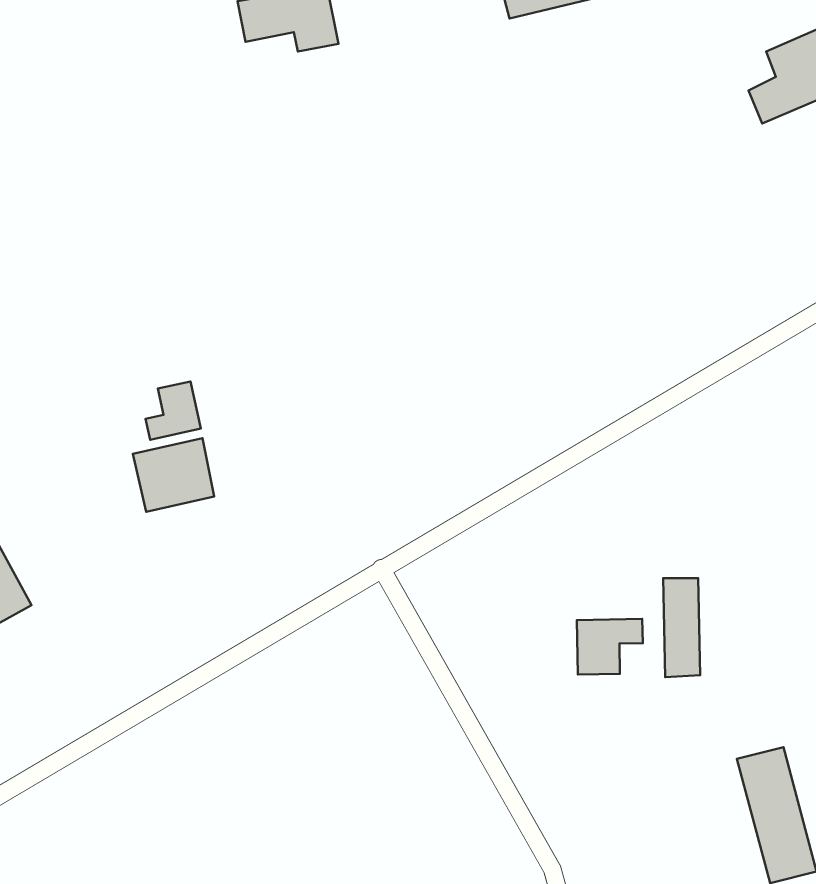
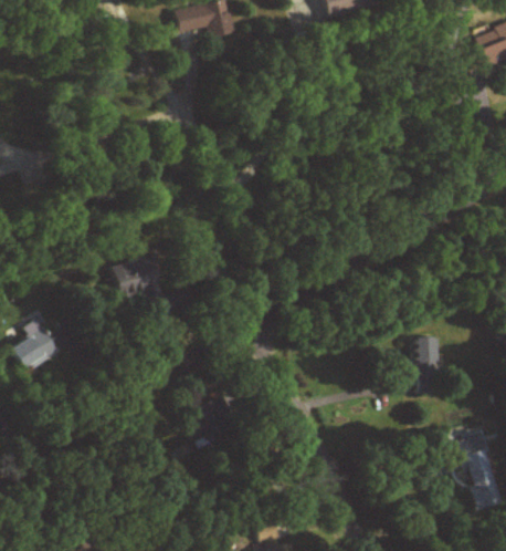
building: [145,381,201,440] -> none
building: [577,619,643,675] -> none

